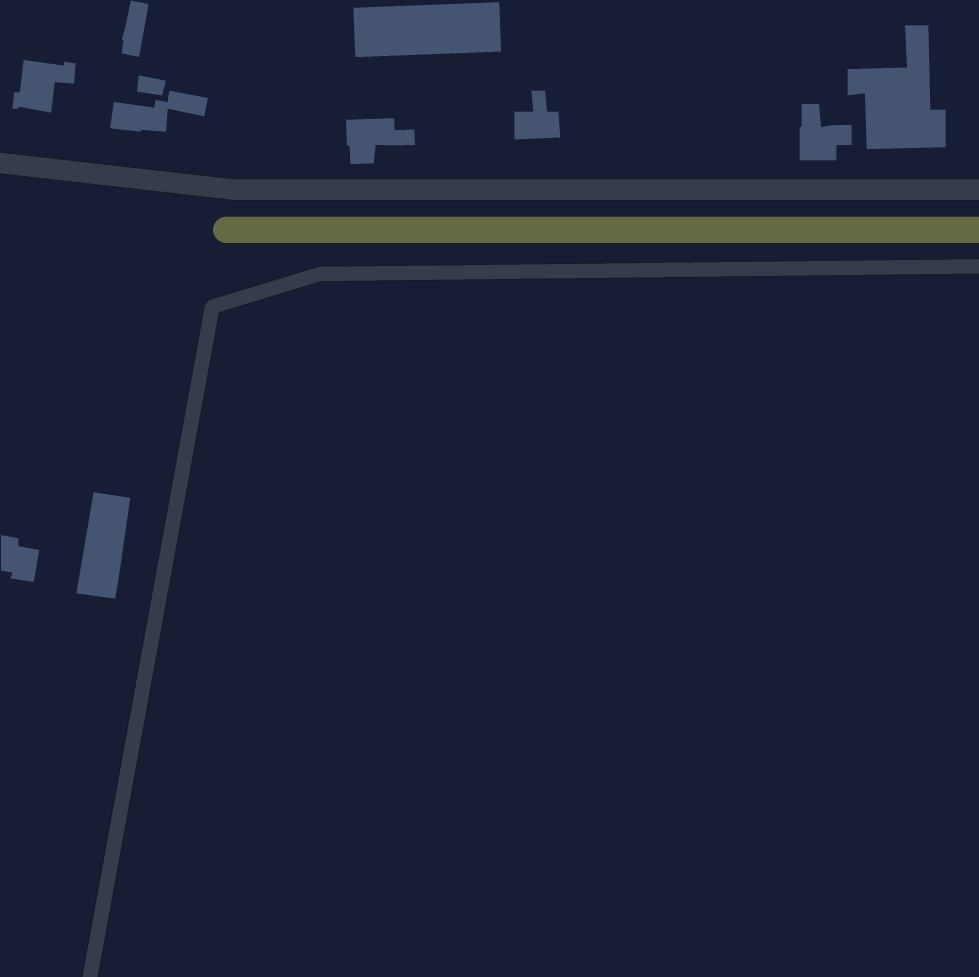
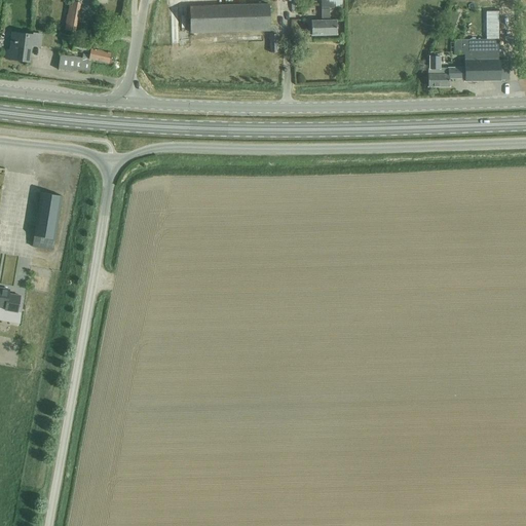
building: [513,90,561,140] -> [311,6,337,33]
building: [346,117,415,165] -> none
building: [75,492,131,599] -> [32,192,62,250]

